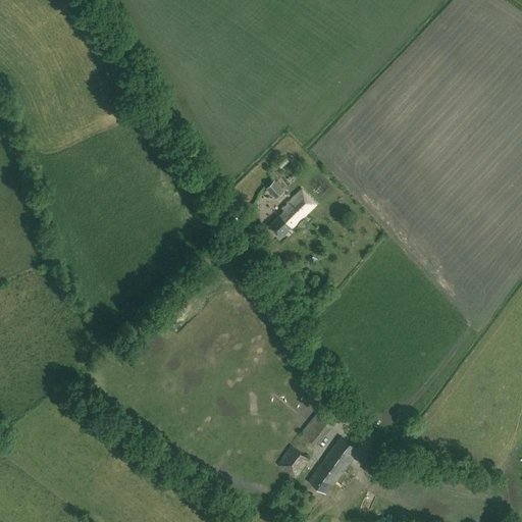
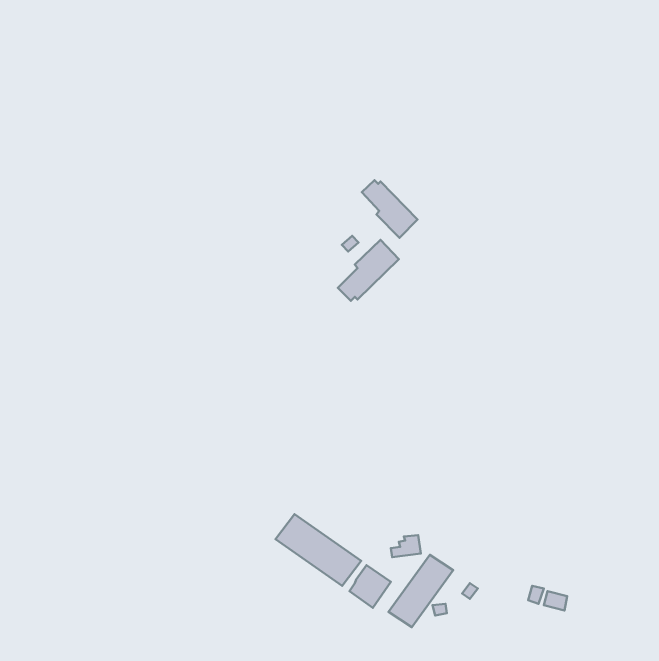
building: none -> [362,180,418,238]
building: none -> [275,514,361,586]

